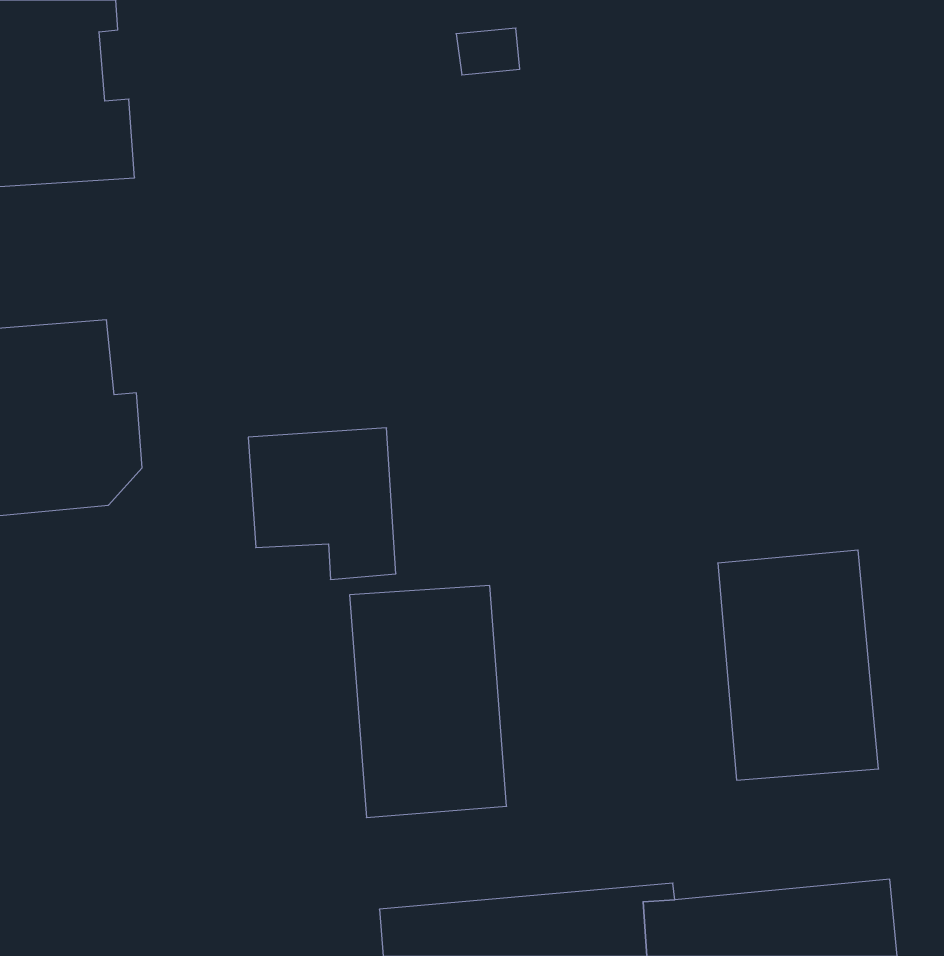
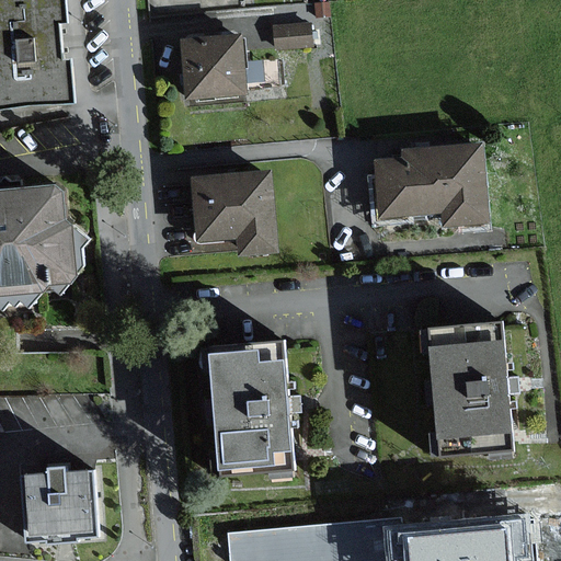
building: none -> [179,33,245,99]
building: none -> [370,148,484,229]
building: [248,428,396,579] -> [188,170,275,259]
building: none -> [24,465,102,538]

